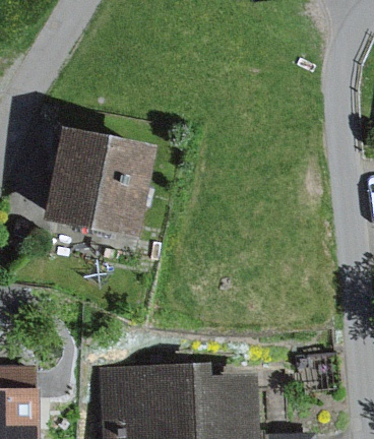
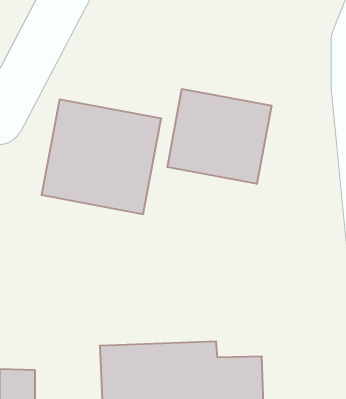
building: none -> [167,89,271,184]

